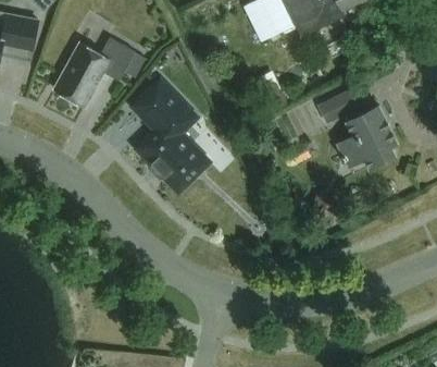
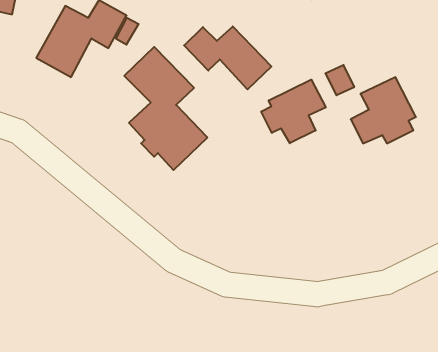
building: none -> [184,26,271,89]
building: none -> [261,80,326,143]

